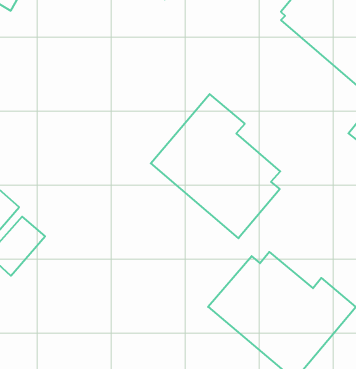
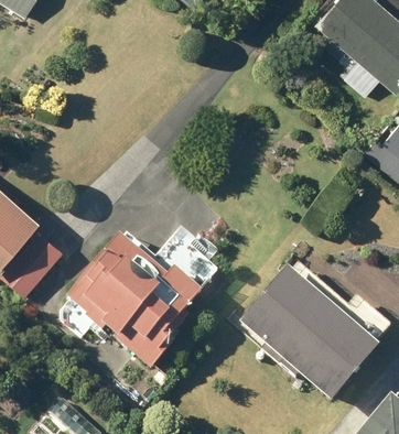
building: [151,94,280,238] -> none
building: none -> [65,230,218,370]

